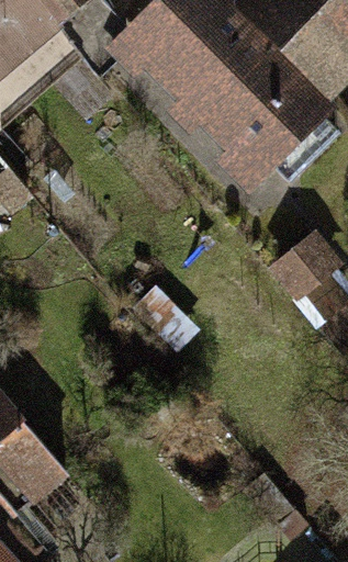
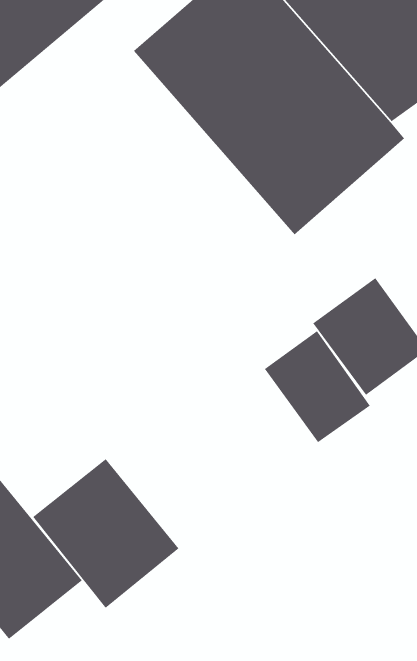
building: none -> [264,330,371,443]
building: none -> [32,458,179,609]

